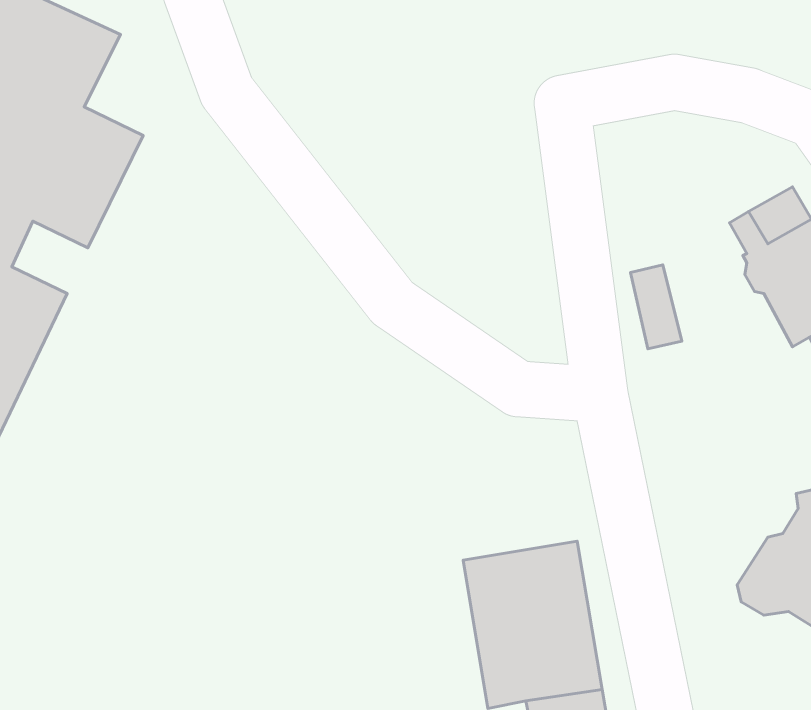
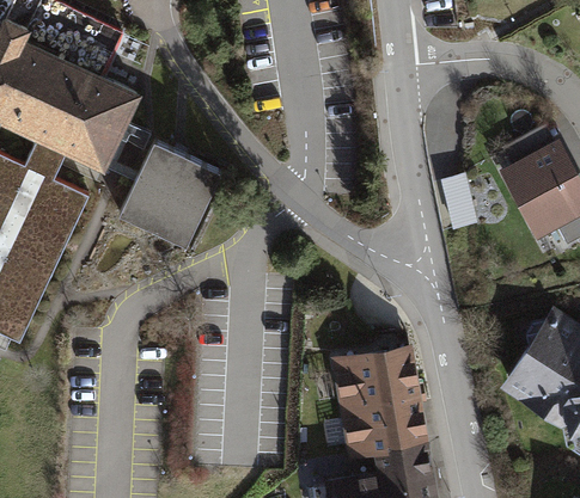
building: none -> [117,143,219,248]

